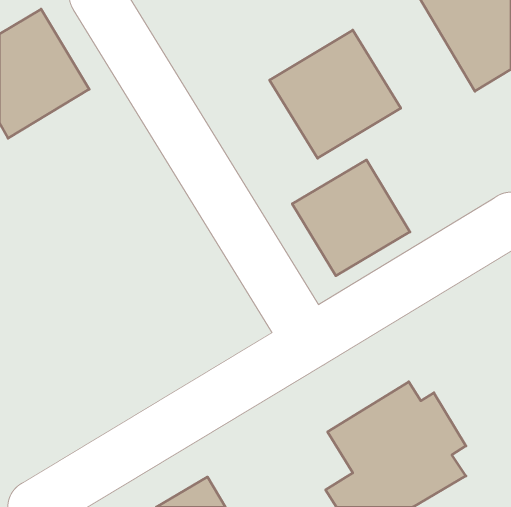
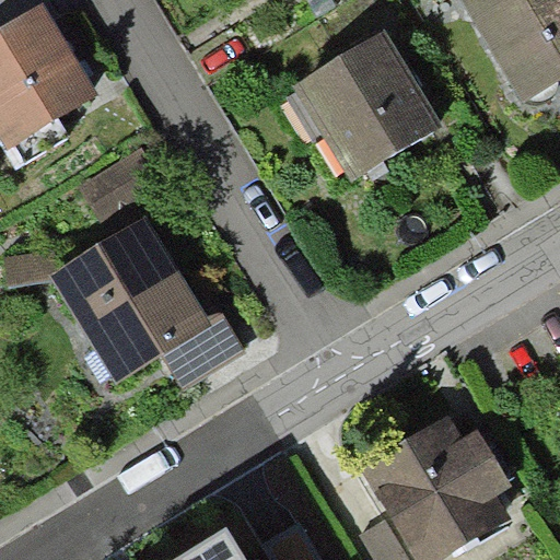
building: [292,160,410,276] -> none
building: none -> [50,218,246,386]

